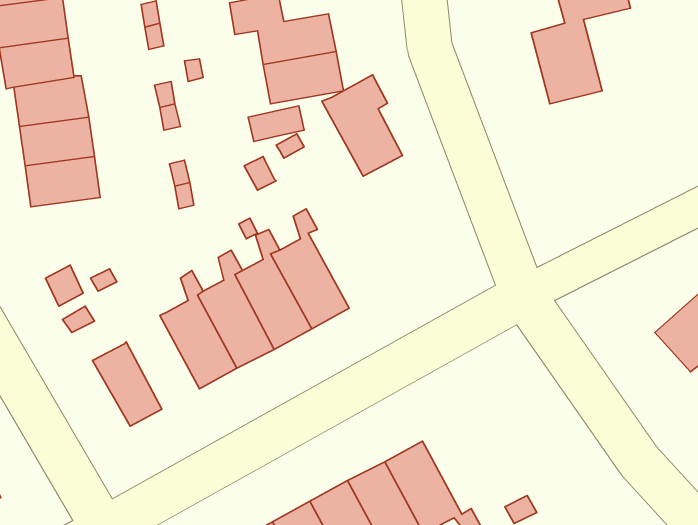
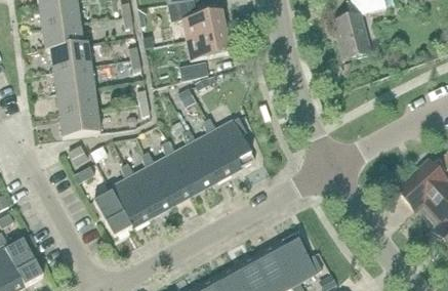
building: [322,75,403,176] -> [211,116,255,171]
building: none -> [59,111,100,138]
building: none -> [109,162,152,226]
building: none -> [274,232,322,284]

